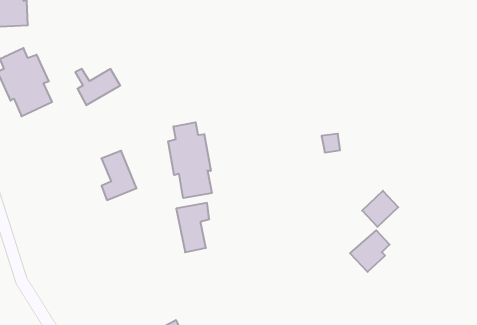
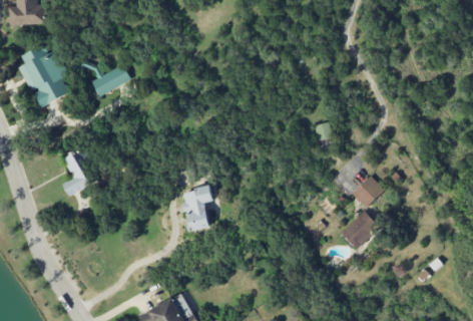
building: [168,122,212,198] -> none
building: [101,151,137,200] -> [64,150,96,196]

